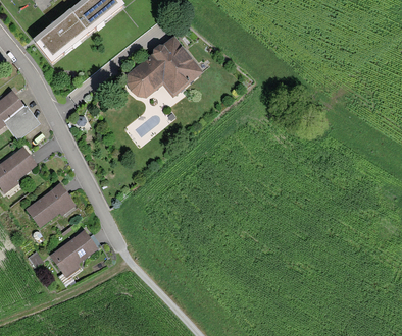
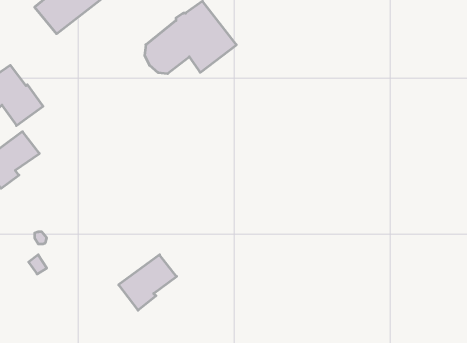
building: [24,182,76,227] -> none
building: [49,229,98,276] -> [119,255,177,310]

